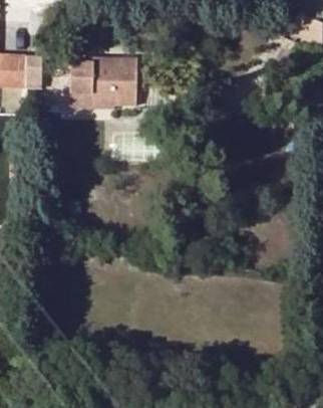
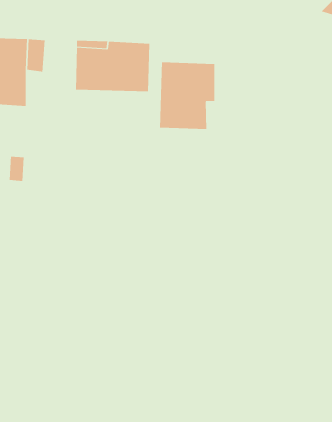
building: none -> [160,62,215,130]

